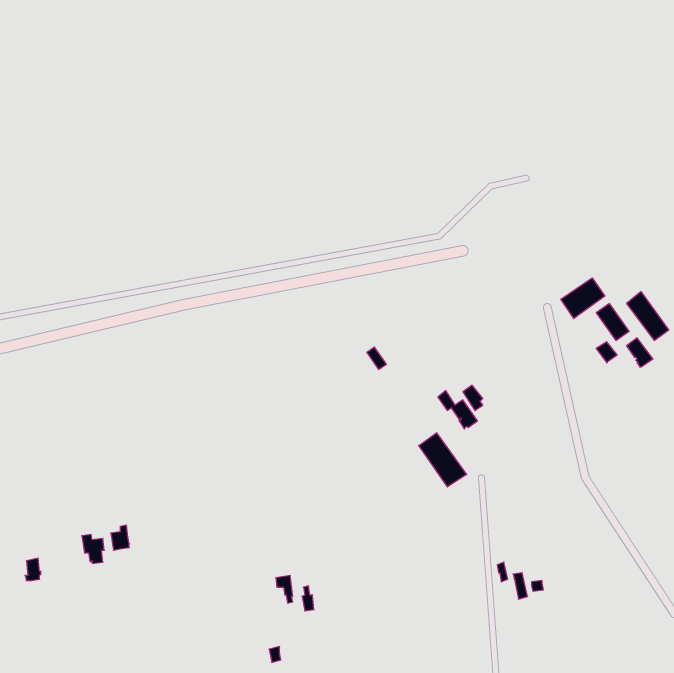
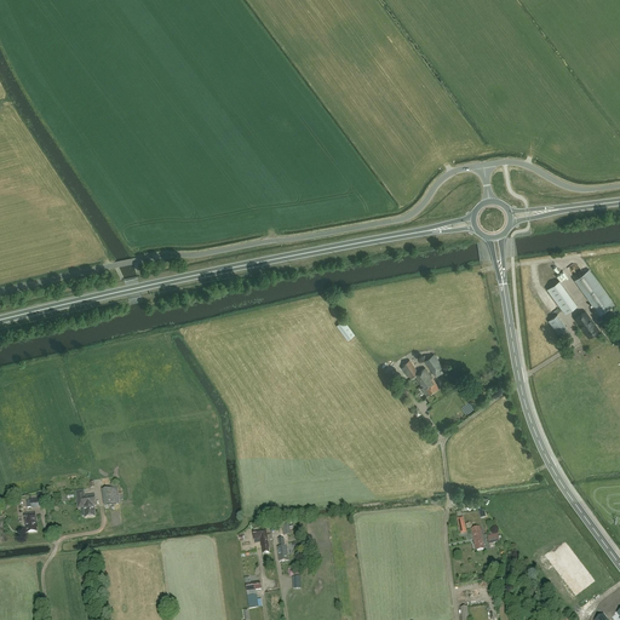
building: [561,278,605,319] -> none
building: [419,433,467,487] -> none

